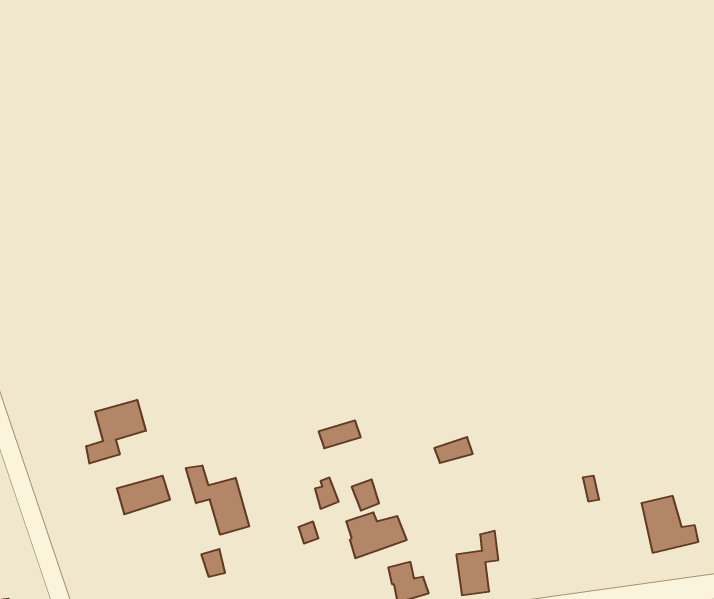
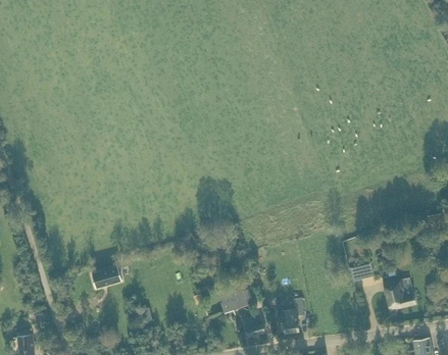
building: [86,400,146,464] -> none
building: [186,465,249,535] -> none

